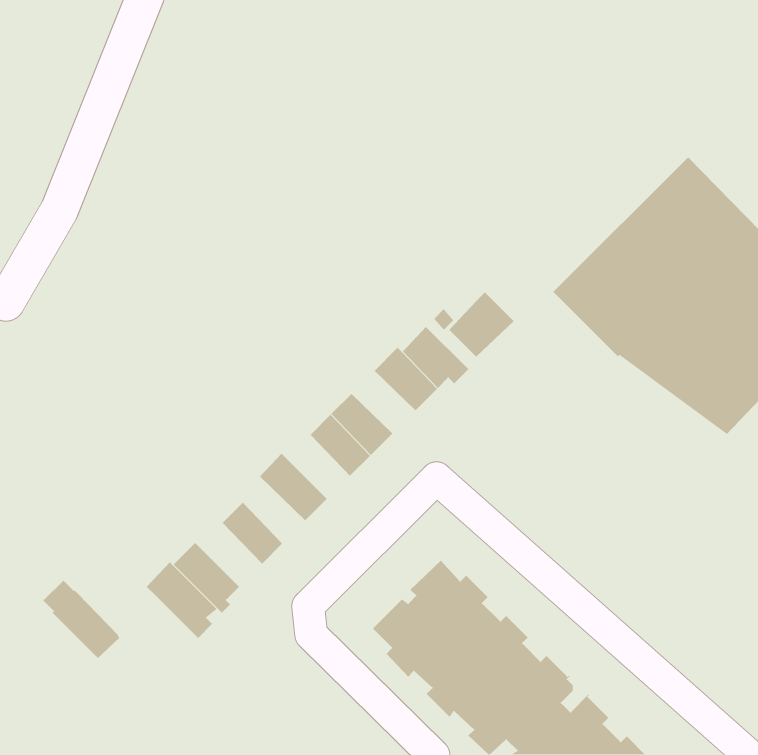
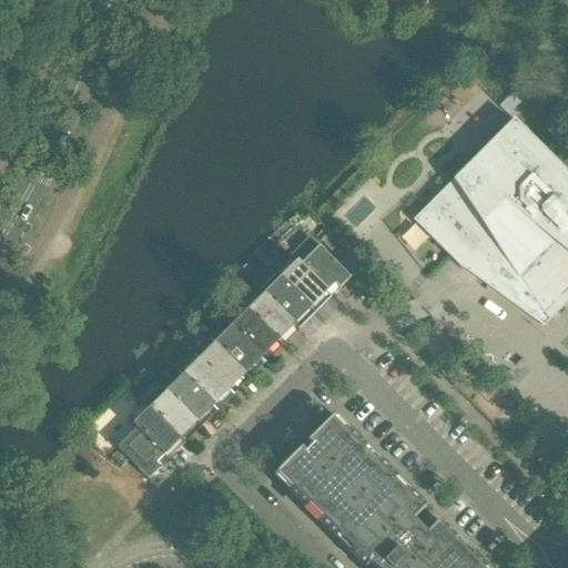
building: [449,292,514,357] -> none
building: none -> [264,276,312,323]
building: none -> [211,320,263,372]
building: none -> [180,355,230,405]
building: [43,580,120,659] -> [141,379,199,438]

